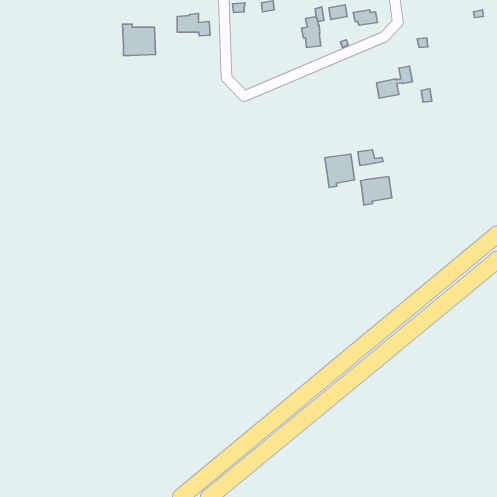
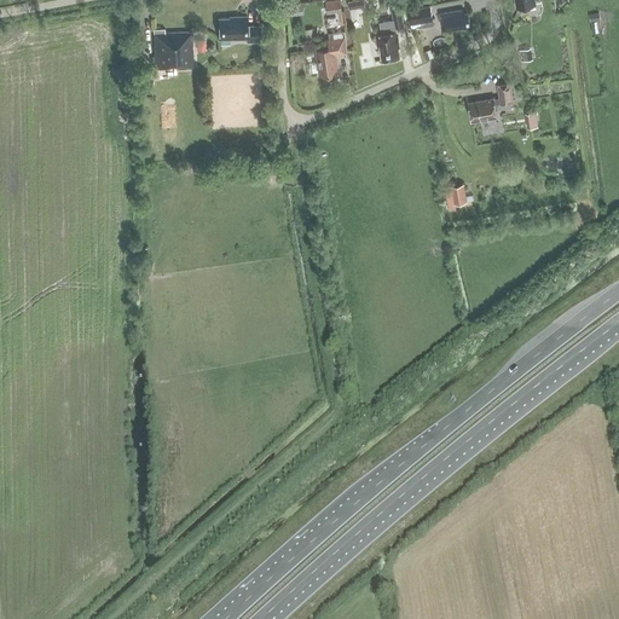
building: none -> [316,39,347,76]
building: [325,154,354,187] -> none
building: [360,177,392,205] -> none

